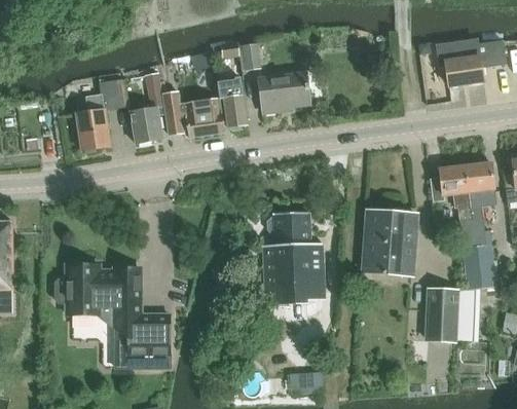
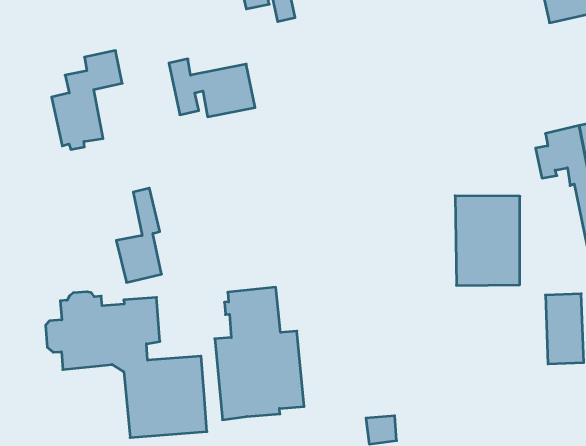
building: [256,72,307,110] -> none
building: [131,74,163,143] -> [116,188,162,282]
building: [217,77,246,128] -> none
building: [259,209,322,304] -> [215,287,304,420]

